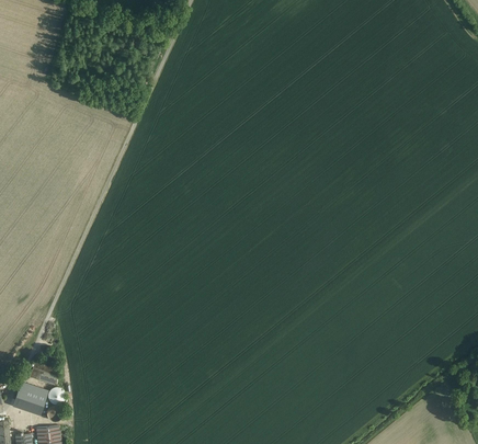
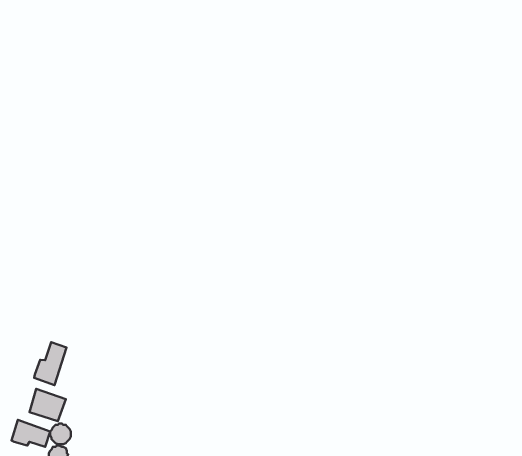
building: none -> [34,342,67,385]

